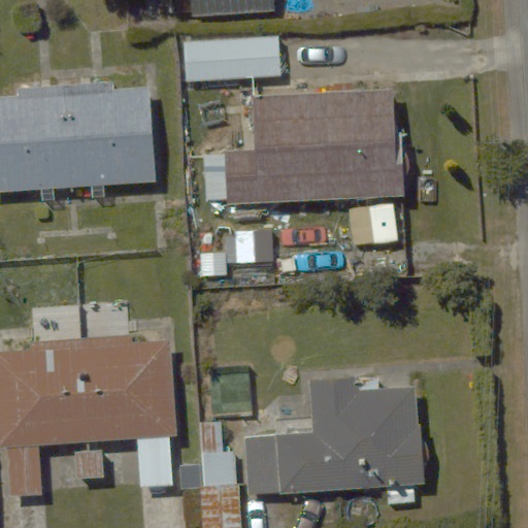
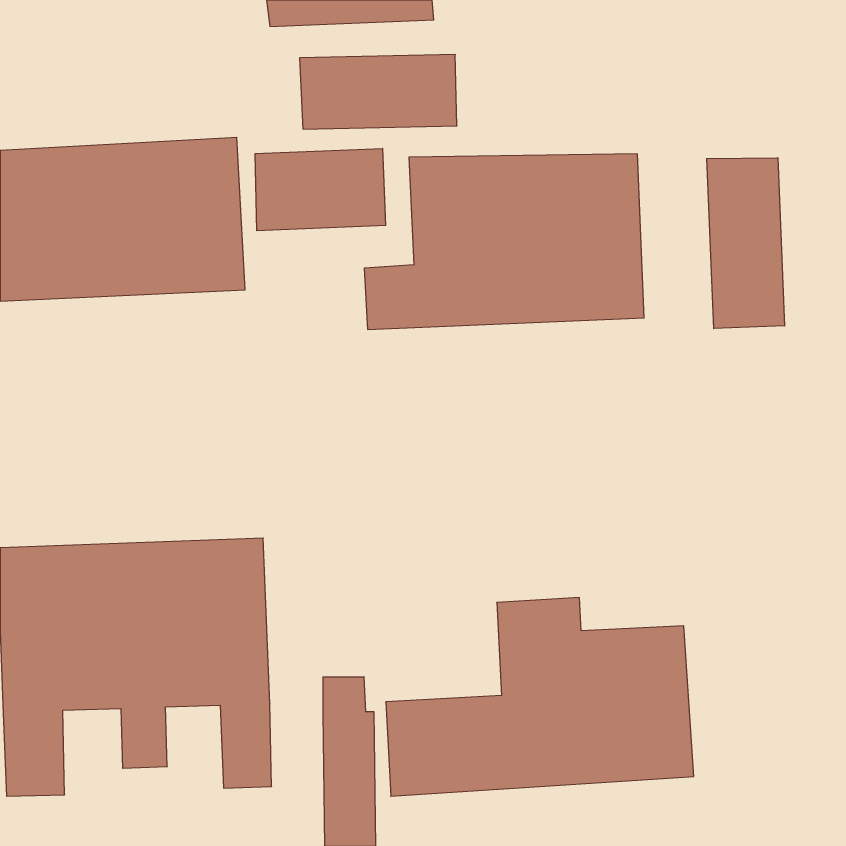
building: none -> [255,148,386,231]
building: none -> [707,158,785,329]

